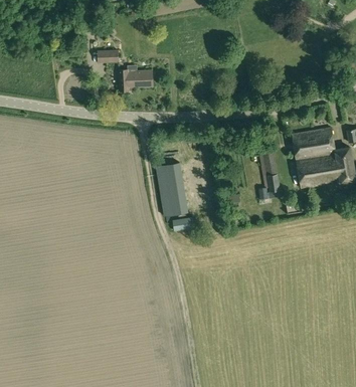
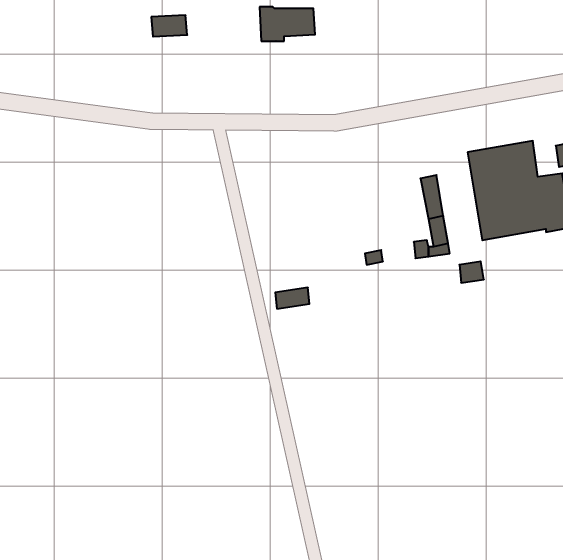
building: [119,69,153,90] -> [260,7,315,41]
building: [156,162,188,215] -> none

